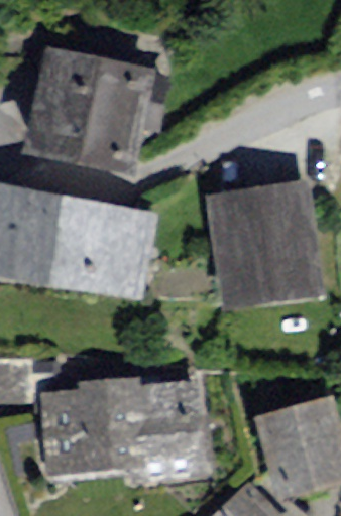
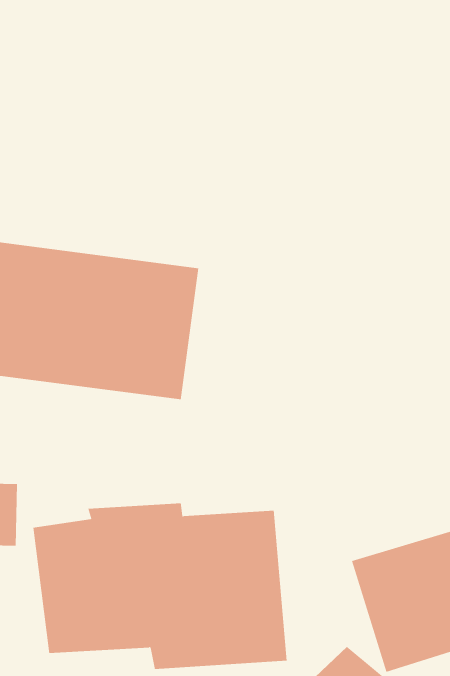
building: [34,46,151,156] -> none
building: [206,183,324,306] -> none

